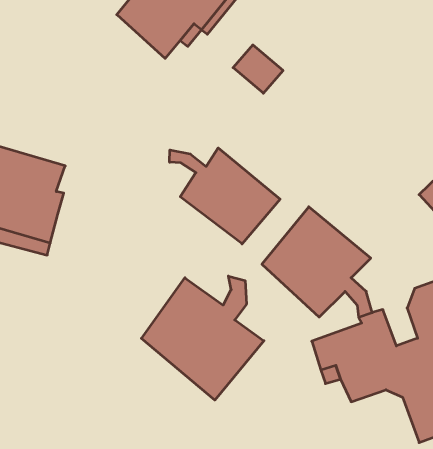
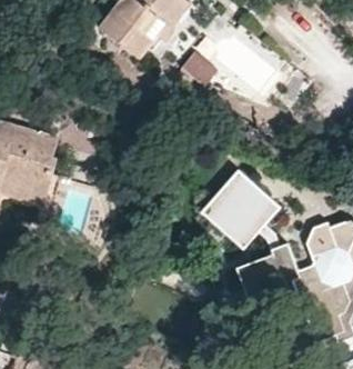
building: [170,148,280,244] -> none
building: [141,276,264,400] -> none

